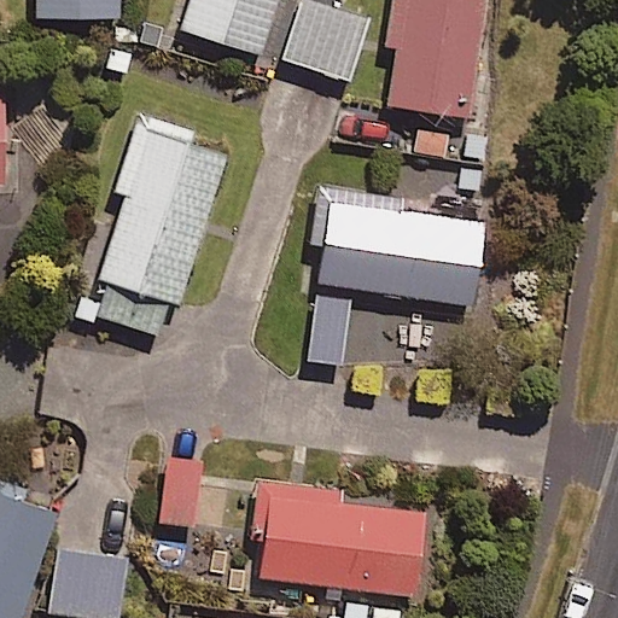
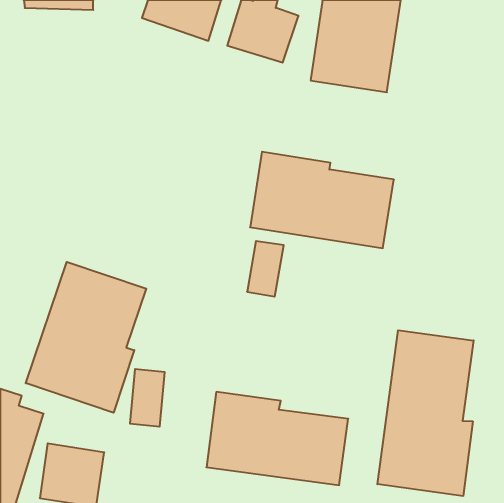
building: [88,126,223,336] -> none
building: none -> [26,262,146,413]
building: none -> [377,330,474,496]

